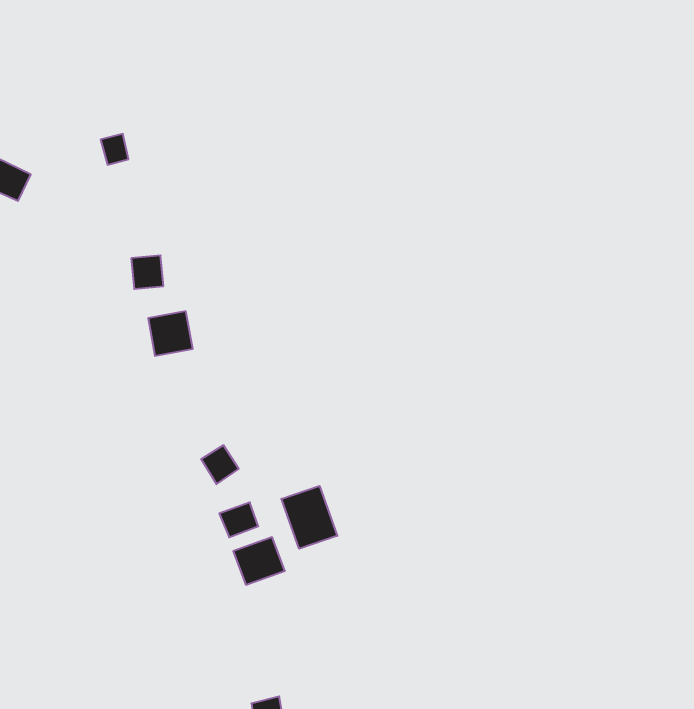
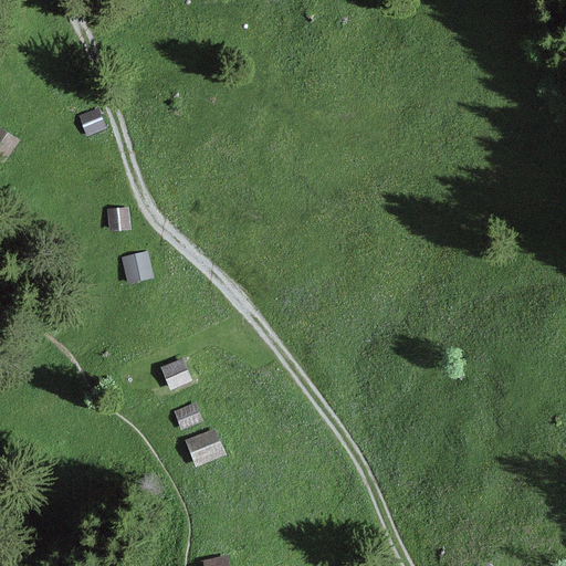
building: [281,486,337,549] -> none

